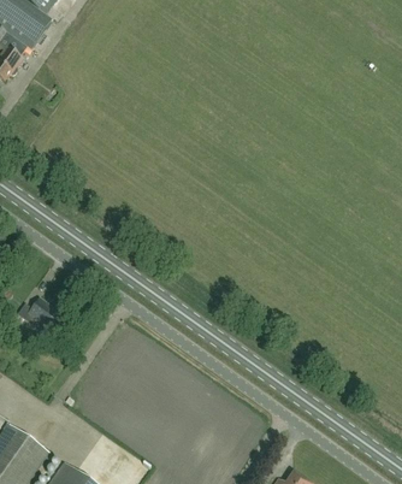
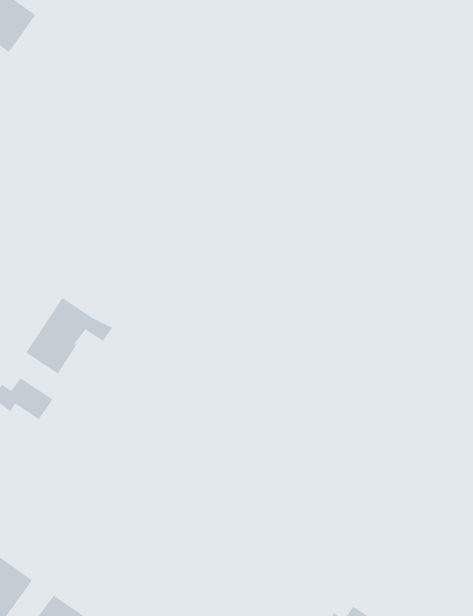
building: none -> [25,297,113,375]

